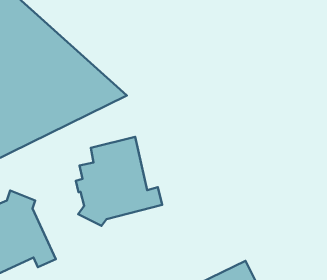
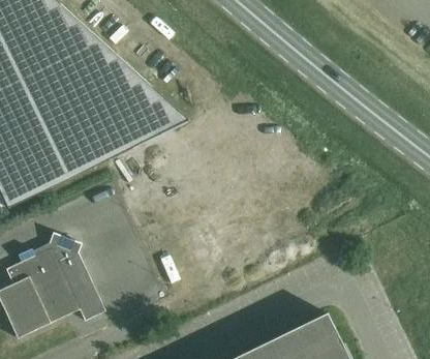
building: [76,137,162,226] -> none

